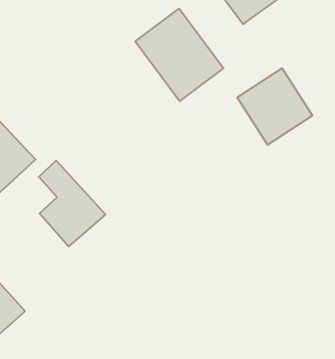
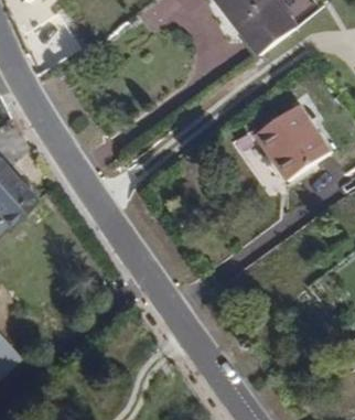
building: [135,9,224,101] -> none
building: [39,161,105,246] -> none

